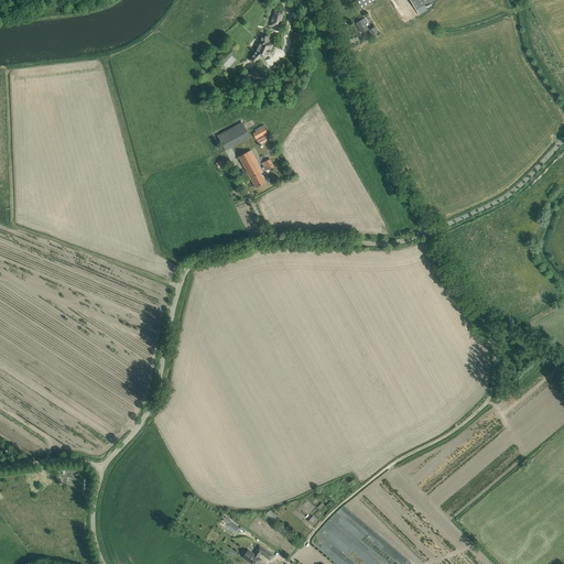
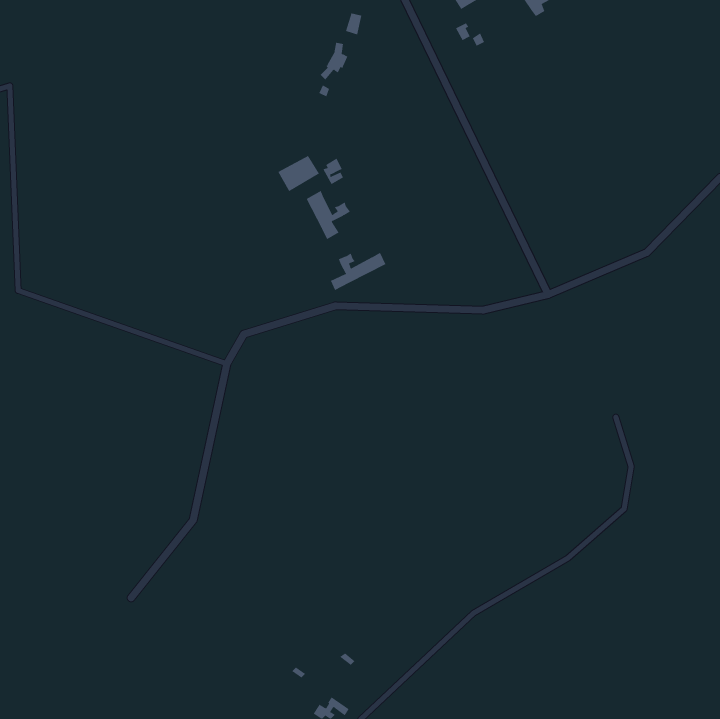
building: none -> [330,252,386,291]

